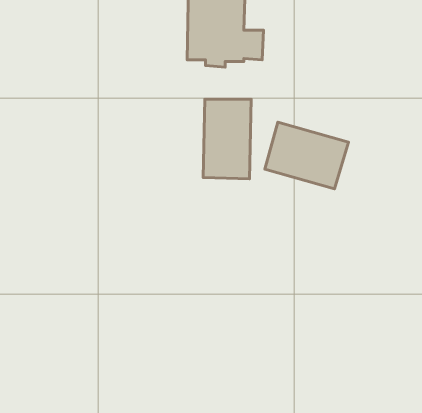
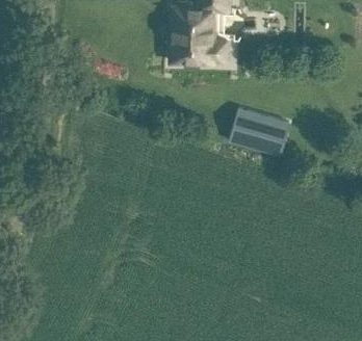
building: [203,99,251,179] -> none

